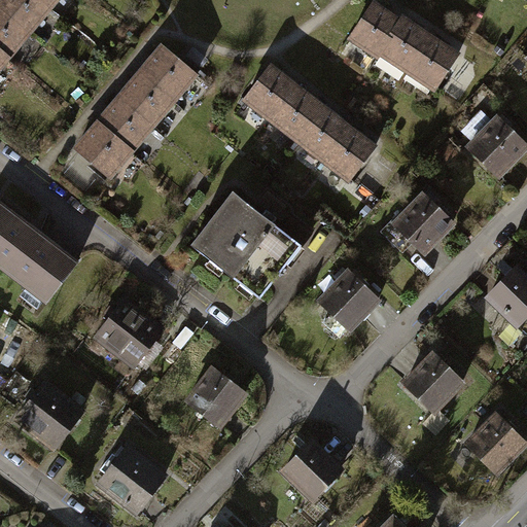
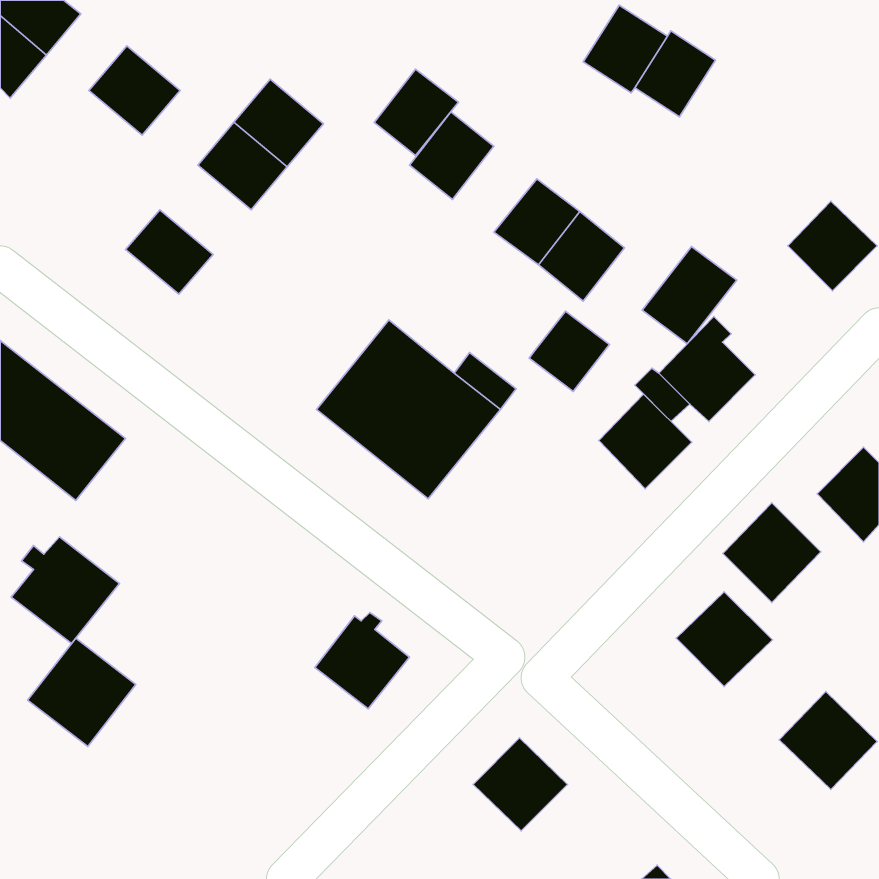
building: [407,36,457,89] -> none
building: [271,87,321,139] -> [374,69,459,155]
building: [96,99,150,152] -> [89,46,180,135]
building: none -> [642,246,737,344]
building: none -> [529,311,610,391]
building: [321,272,377,328] -> [599,394,692,489]
building: [96,301,161,364] -> [11,537,120,644]
building: none -> [723,503,821,603]
building: [98,446,162,510] -> none

